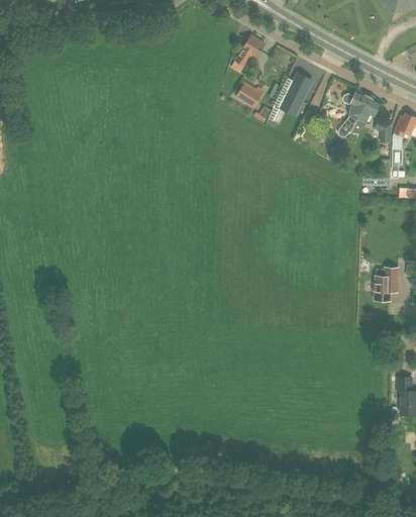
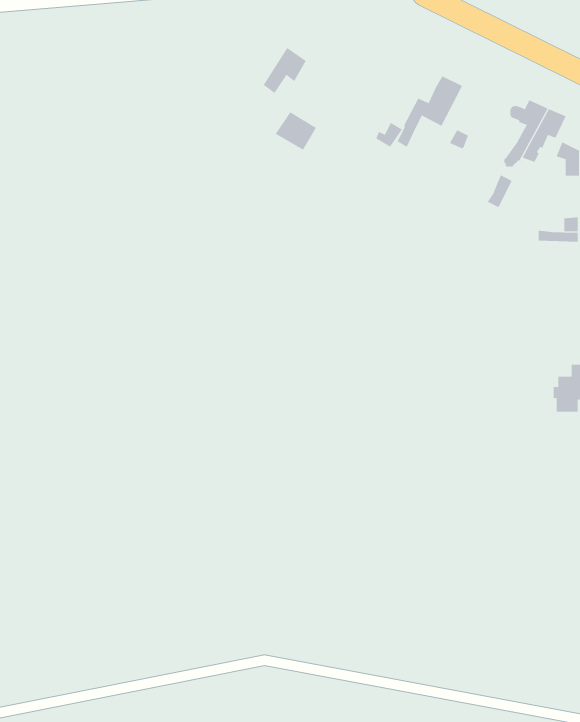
building: [235,34,265,66] -> [263,47,306,94]
building: [234,82,263,108] -> [275,111,317,150]

